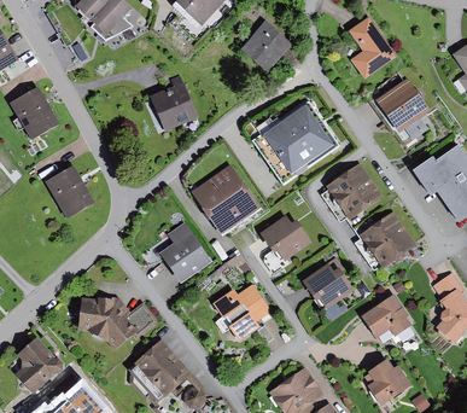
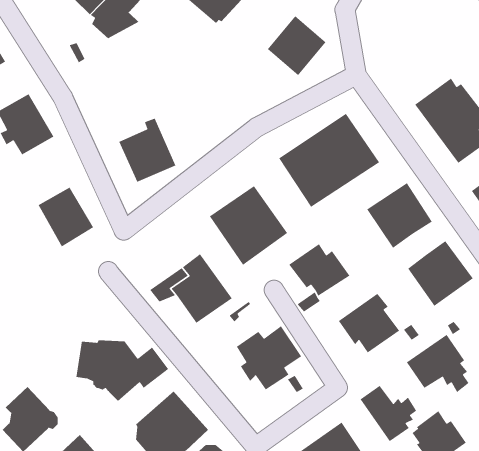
building: [348,16,395,76] -> none
building: [148,75,198,130] -> [118,118,176,183]
building: none -> [360,385,417,442]

